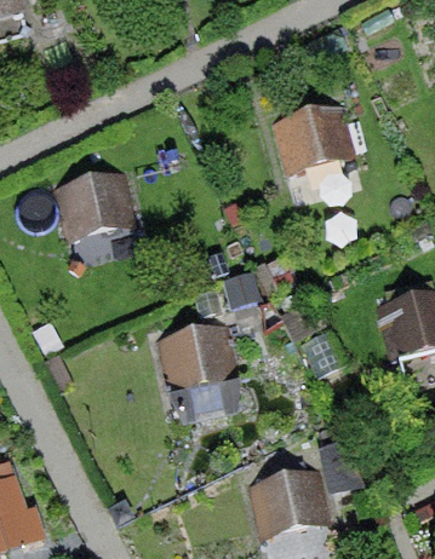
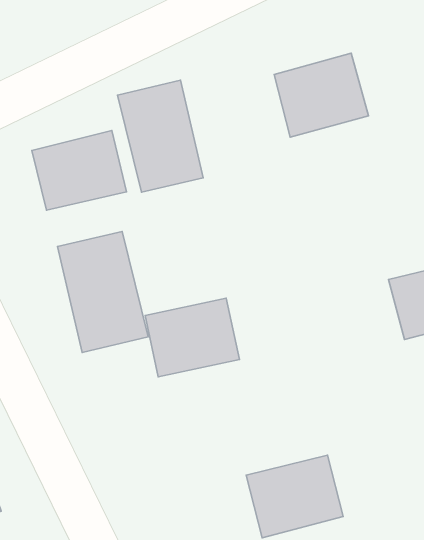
building: none -> [118,80,203,192]
building: none -> [57,231,148,353]

